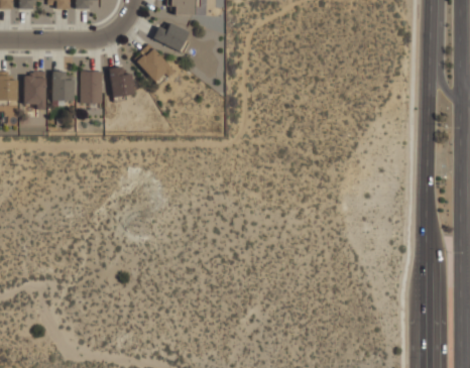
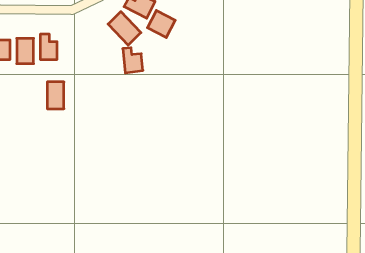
building: none -> [147,10,175,38]
building: [111,67,135,97] -> [123,48,143,73]
building: [82,72,102,104] -> [47,82,64,109]

